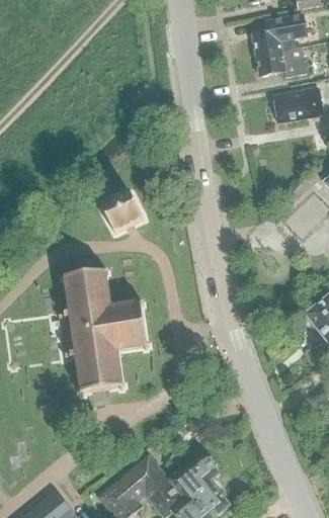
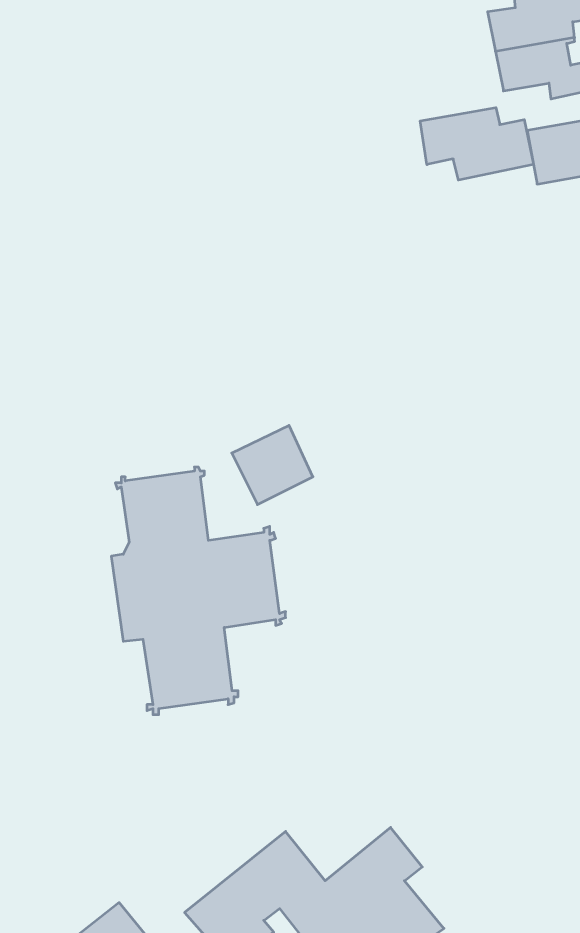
building: none -> [420,108,533,180]
building: [101,190,143,231] -> [232,425,313,505]

